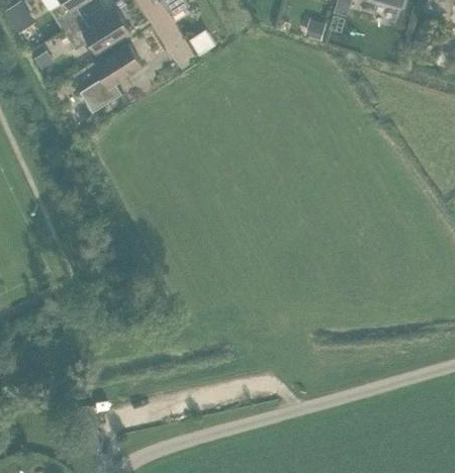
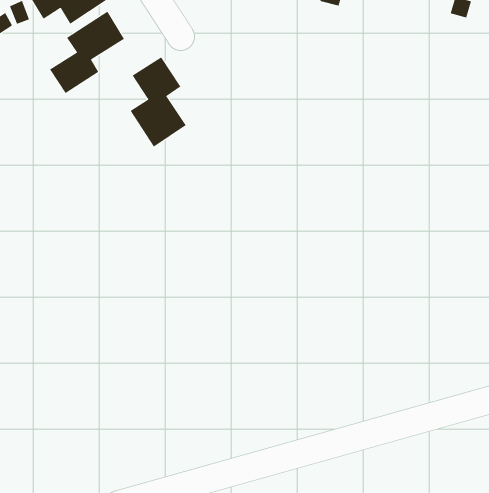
building: none -> [130,56,186,147]

